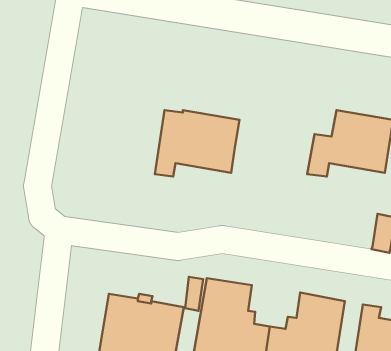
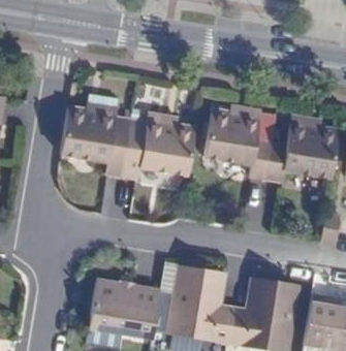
building: none -> [72,97,143,178]
building: none -> [202,109,271,178]

